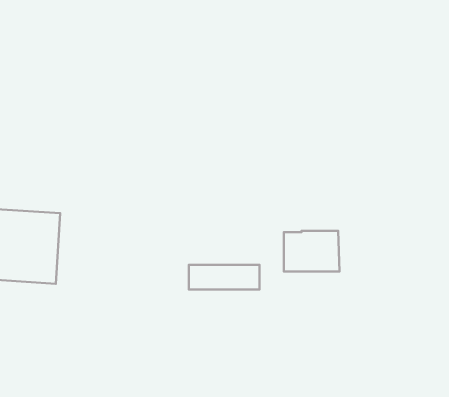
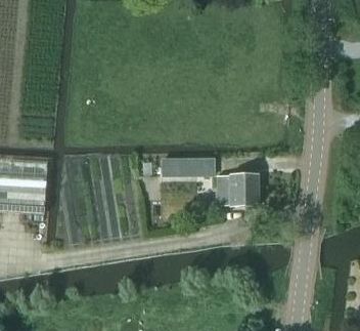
building: [189,265,259,289] -> [162,158,215,176]

